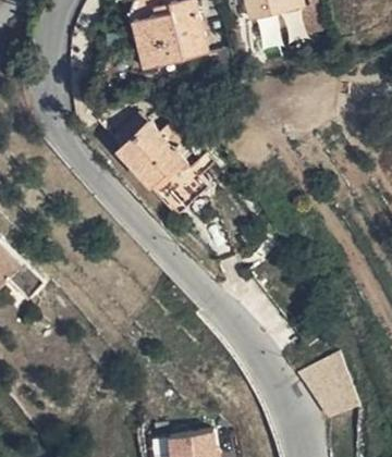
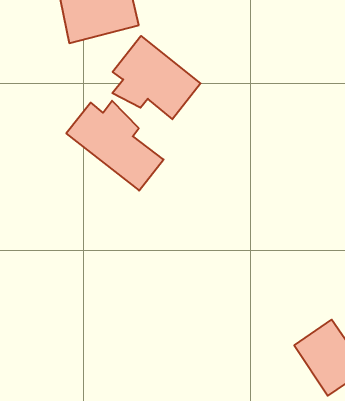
building: none -> [112,36,201,119]

